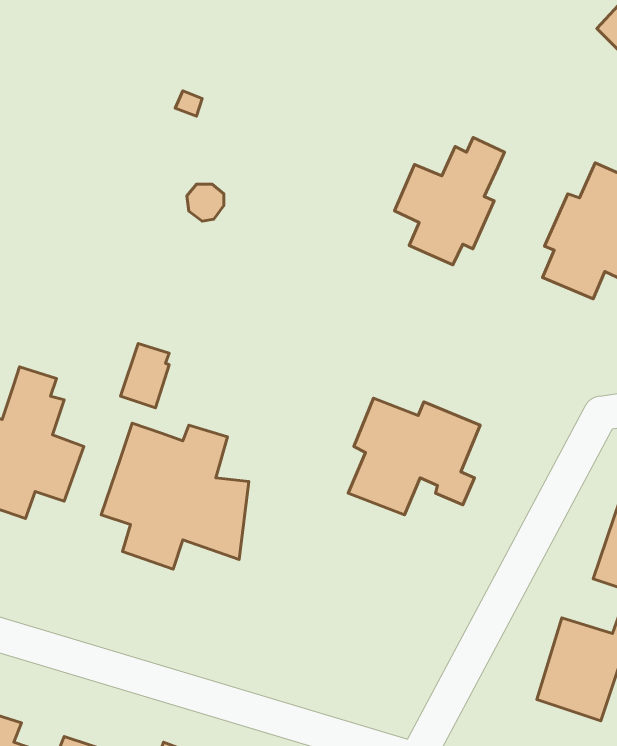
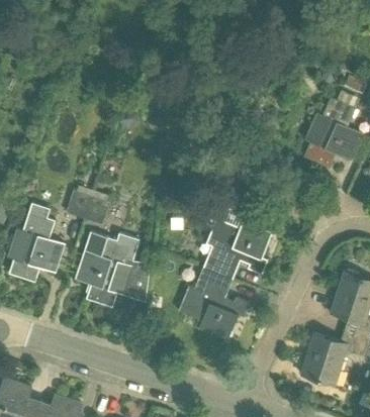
building: [394,137,504,265] -> none
building: none -> [66,186,93,218]
building: none -> [178,269,250,340]

